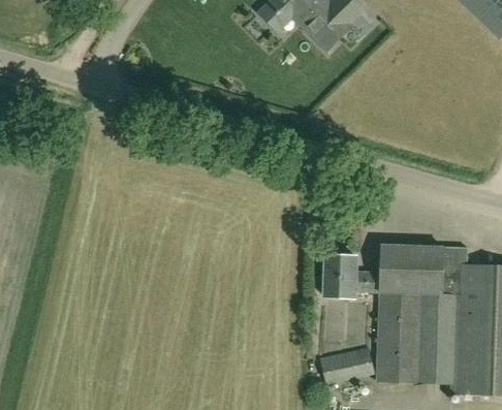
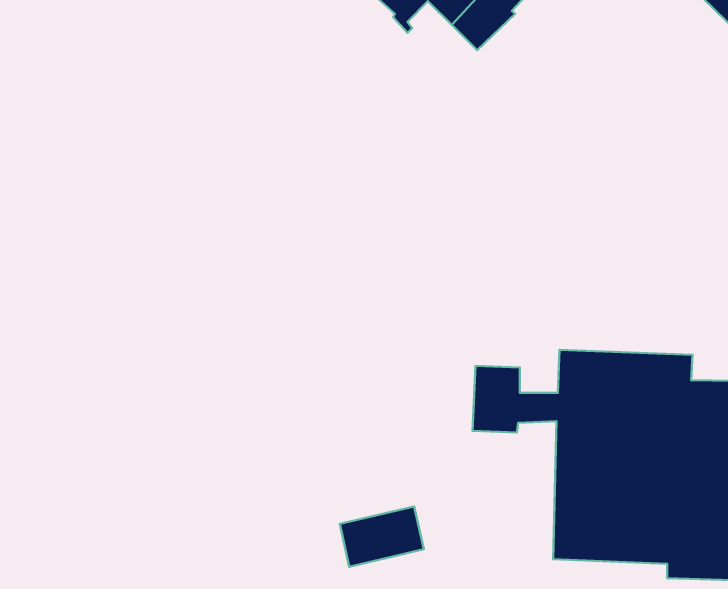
building: [320,346,375,385] -> [340,506,424,567]

